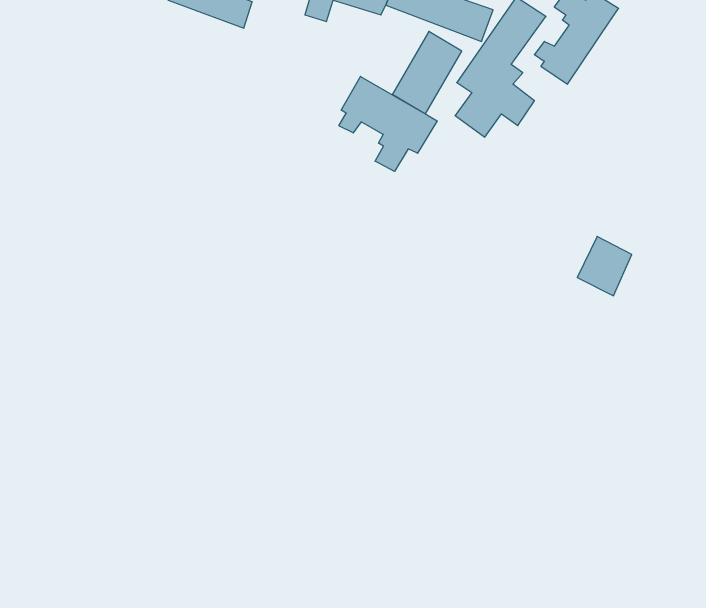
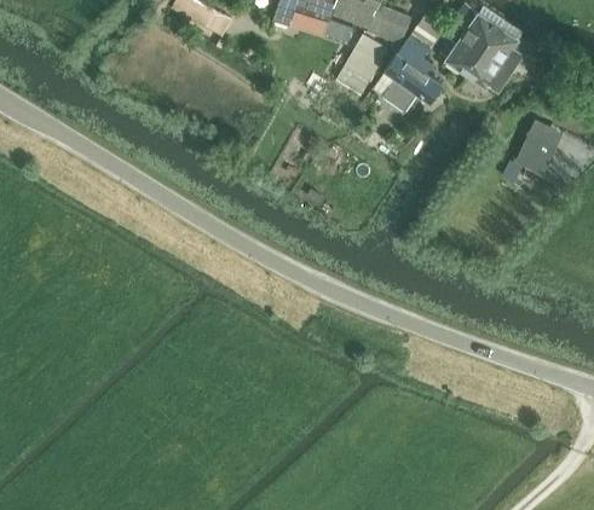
building: none -> [465,18,532,92]
building: [339,76,437,171] -> none
building: [577,236,632,296] -> [514,133,554,176]

